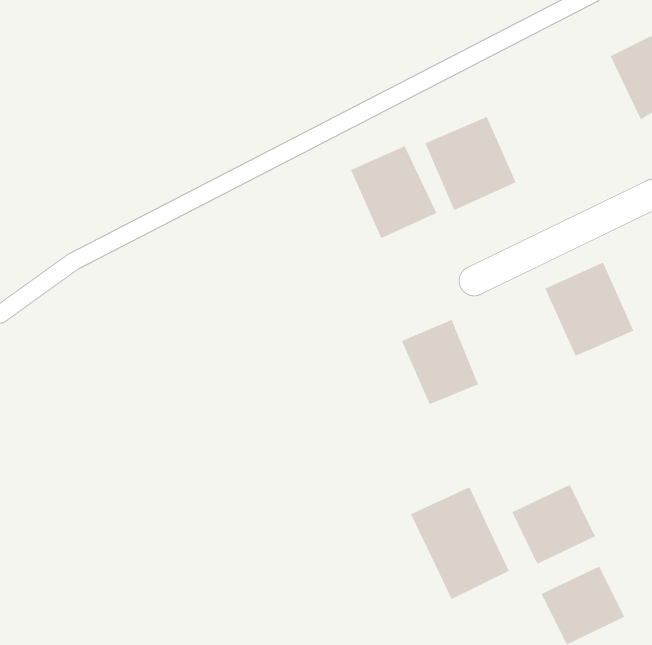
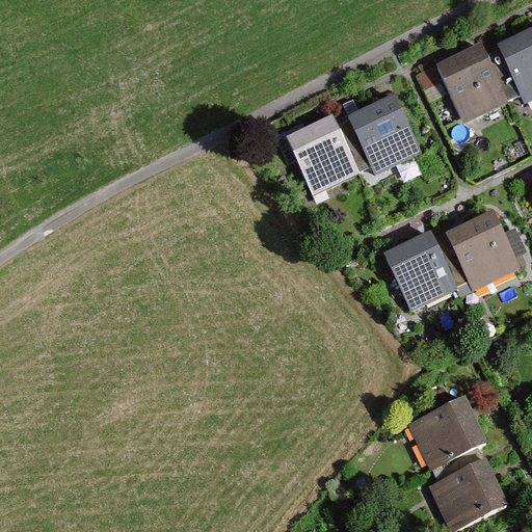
building: none -> [435,43,509,122]
building: [401,319,479,405] -> [390,235,453,304]
building: [410,486,510,600] -> none

